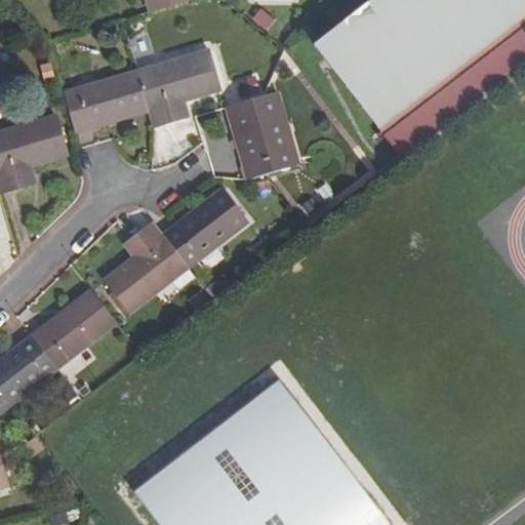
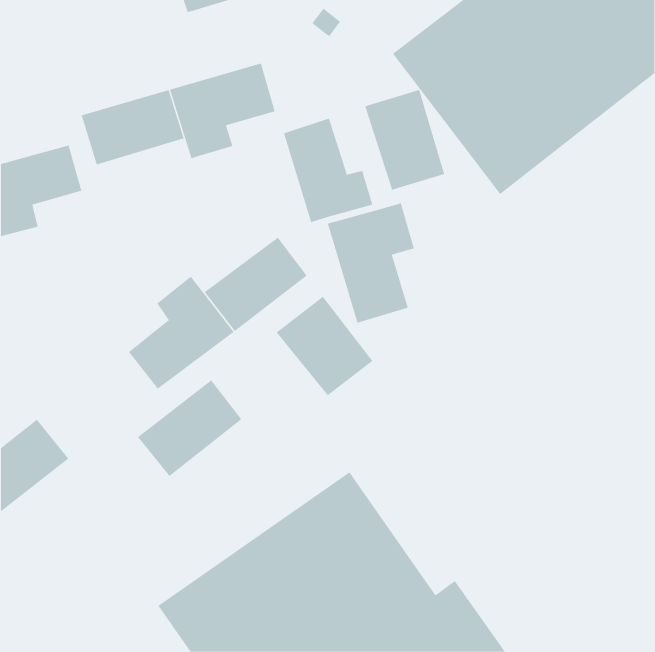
building: none -> [364,89,445,191]
building: none -> [327,203,414,324]
building: none -> [276,296,373,396]
building: [30,289,114,367] -> [137,379,242,477]

